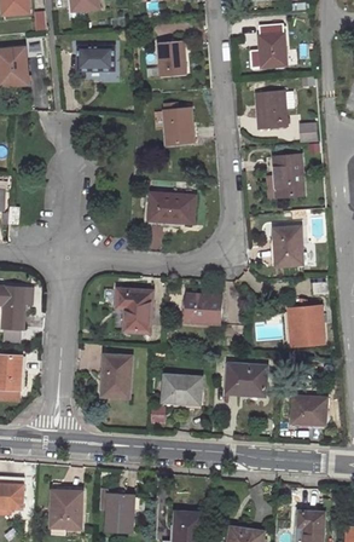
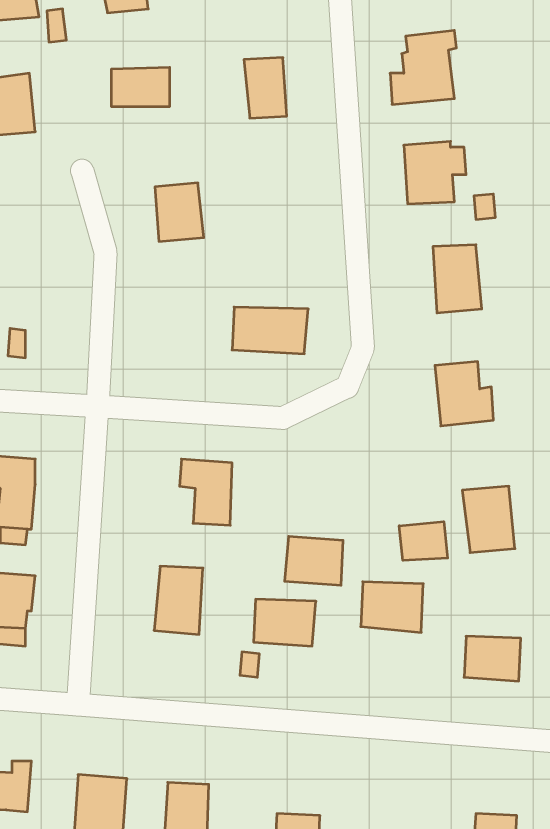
building: [163,109,193,145] -> [155,183,204,241]
building: [182,292,219,322] -> [285,536,343,585]
building: none -> [399,522,448,560]

